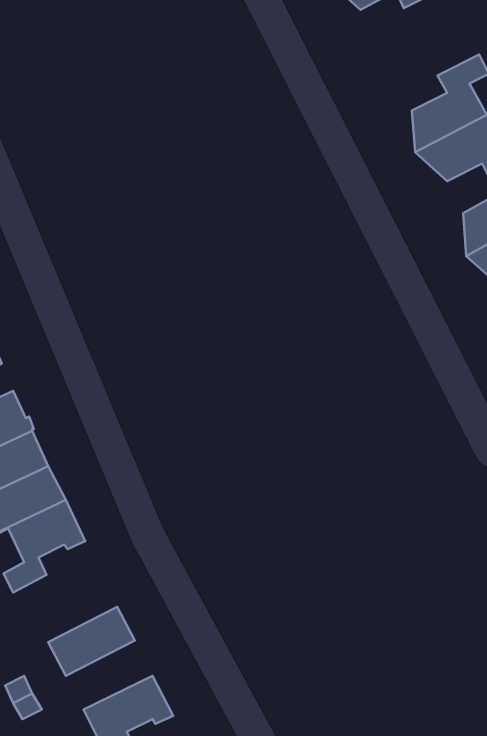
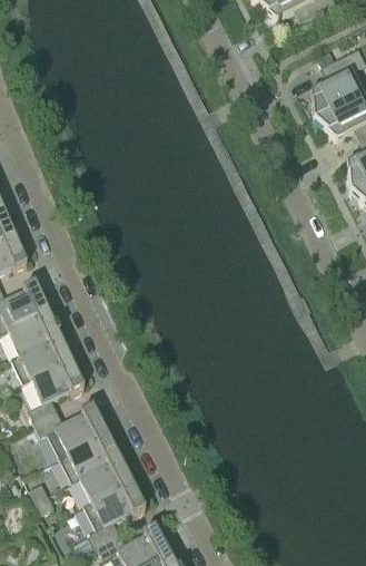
building: none -> [32,404,105,457]
building: none -> [69,456,130,504]

